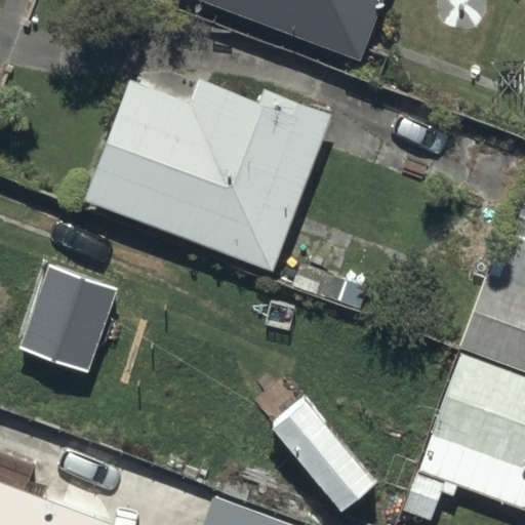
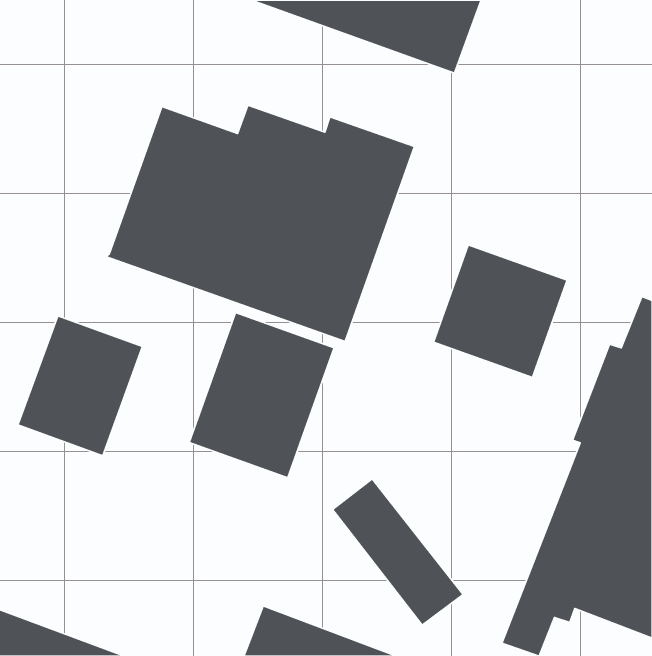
building: none -> [434,245,567,377]
building: none -> [189,313,334,478]

